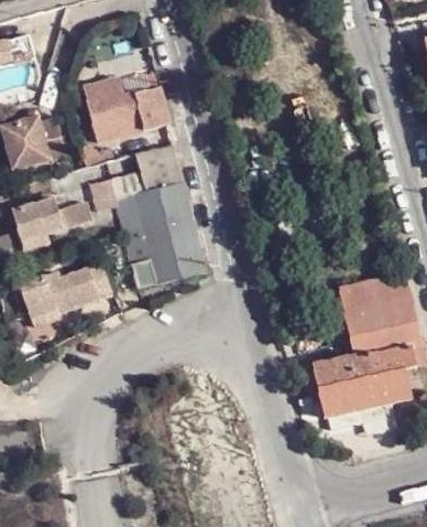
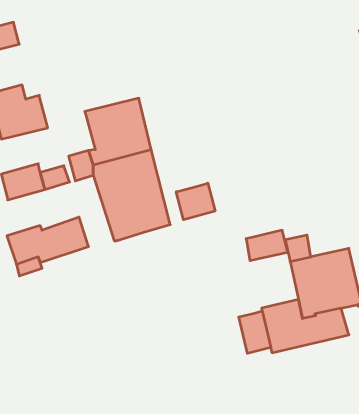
building: [87,75,169,140] -> none
building: none -> [176,183,215,220]
building: [364,271,413,306] -> [246,230,288,261]
building: none -> [239,311,271,353]

